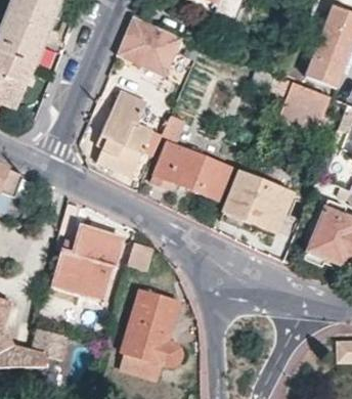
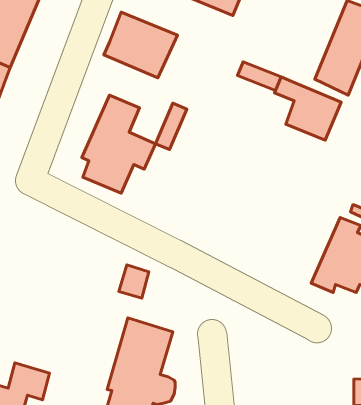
building: [151,141,230,201] -> none
building: [221,169,292,231] -> none
building: [54,201,125,301] -> none

